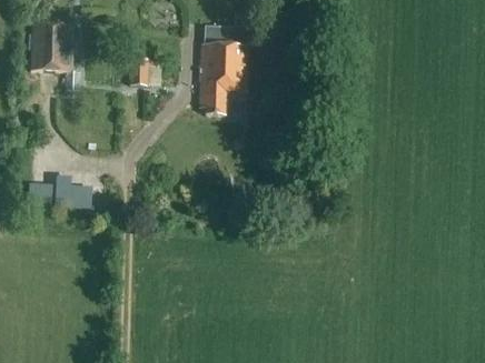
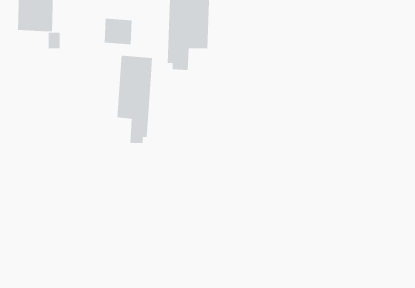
building: none -> [117,55,153,144]
building: [36,181,90,205] -> none

